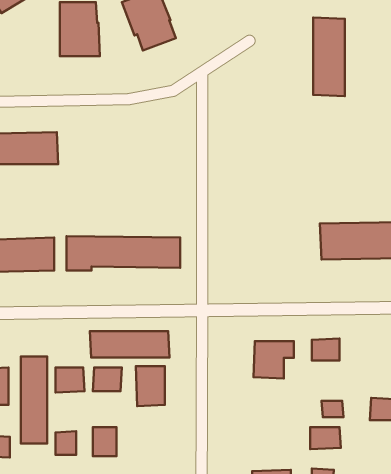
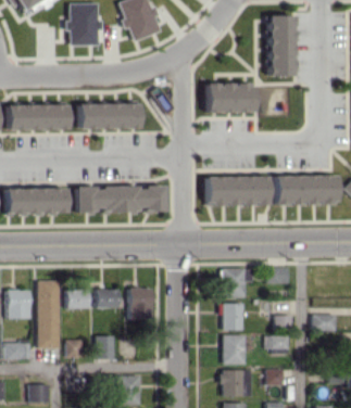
building: none -> [206,82,254,113]
building: none -> [78,103,139,128]
building: none -> [205,175,267,205]
building: [90,331,170,358] -> none
building: none -> [223,303,243,329]
building: none -> [224,334,246,364]

